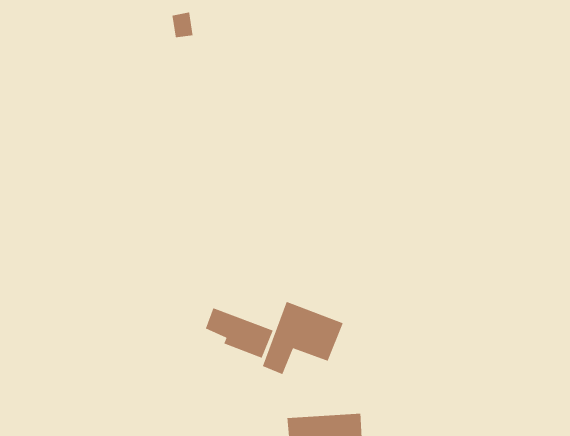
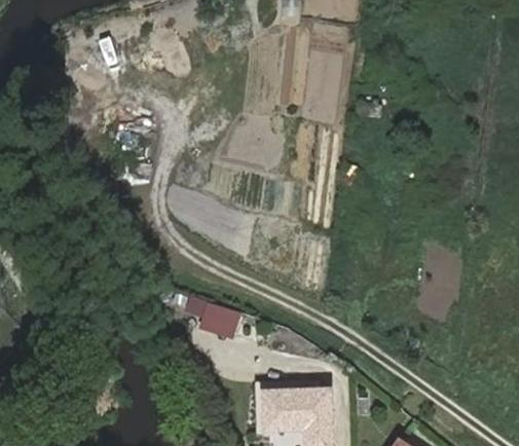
building: [262,301,344,375] -> none

